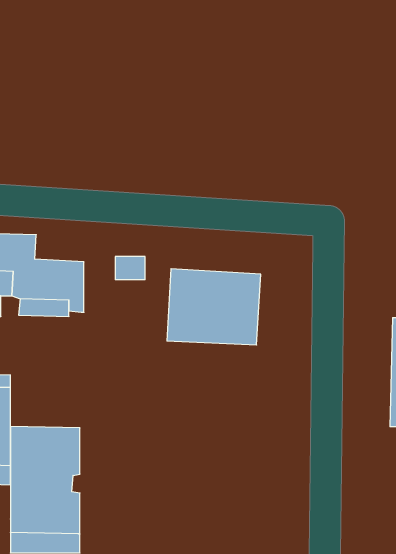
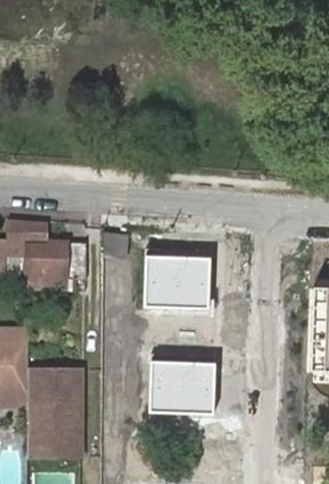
building: none -> [149,348,219,406]

